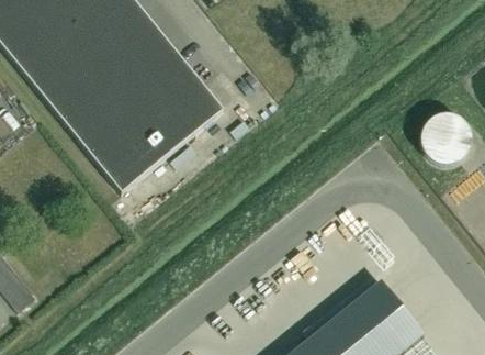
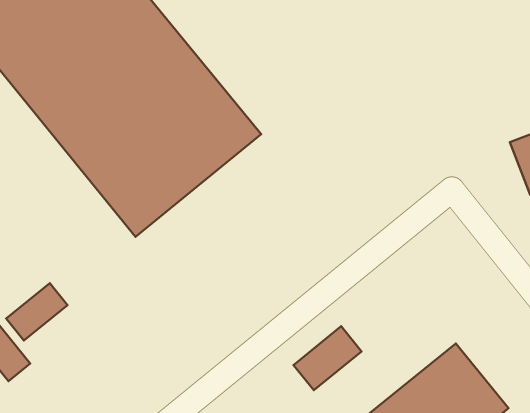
building: none -> [6,283,67,340]
building: none -> [293,326,362,390]

